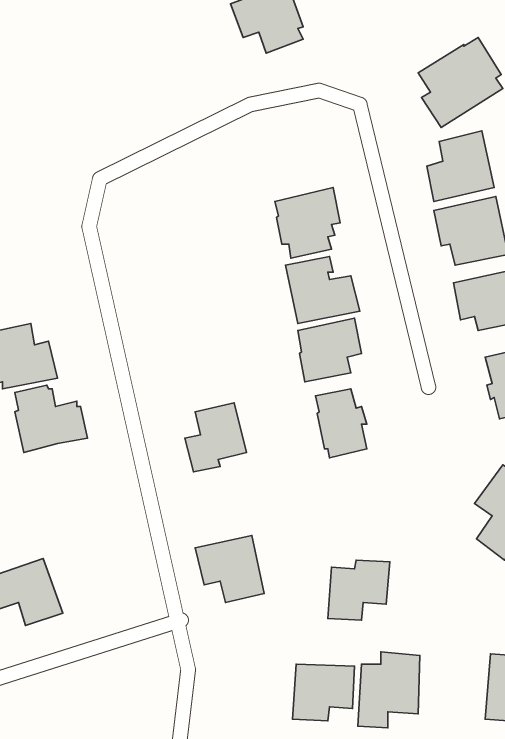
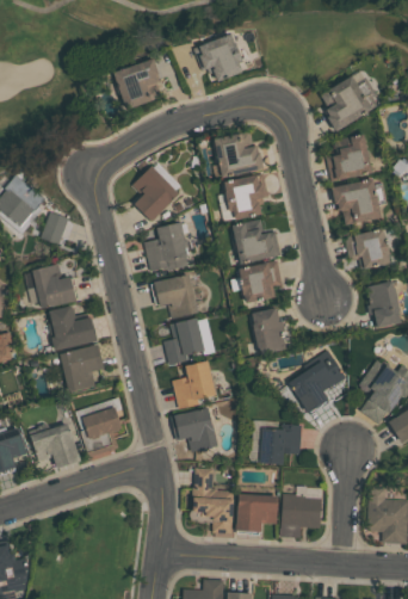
building: none -> [113,57,162,110]
building: none -> [212,131,264,178]
building: none -> [132,166,179,221]
building: none -> [45,204,69,242]
building: none -> [144,222,190,271]
building: none -> [154,273,198,319]
building: none -> [60,344,104,393]
building: none -> [288,350,346,412]
building: none -> [173,360,216,409]
building: none -> [75,397,123,456]
building: none -> [192,468,234,533]

